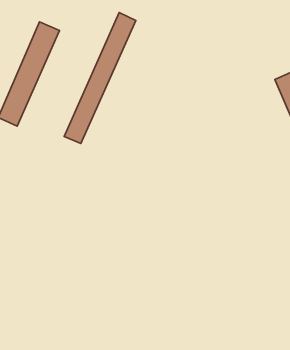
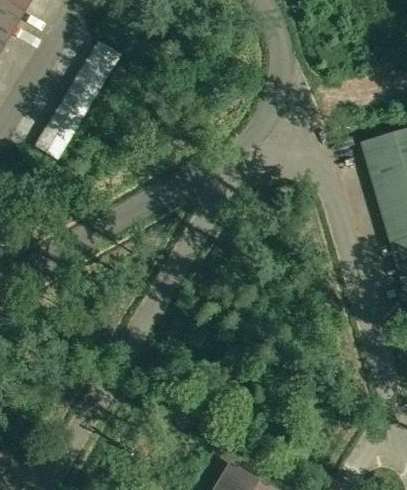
building: [64,13,136,144] -> none

